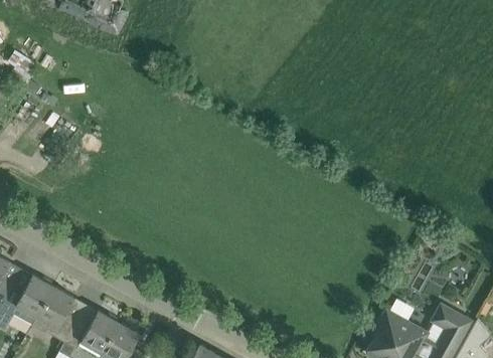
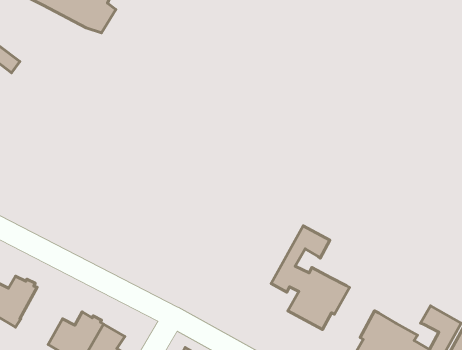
building: none -> [271,226,349,329]
building: [36,287,78,343] -> none

